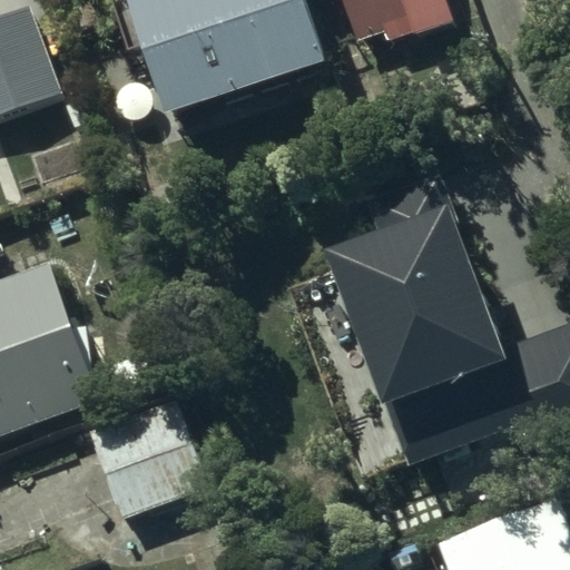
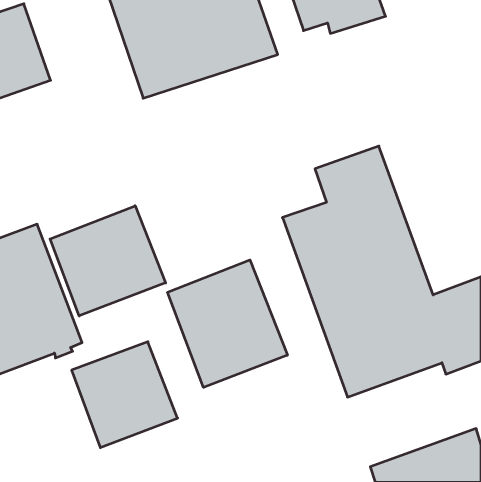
building: none -> [50,206,166,316]
building: none -> [168,260,287,387]

